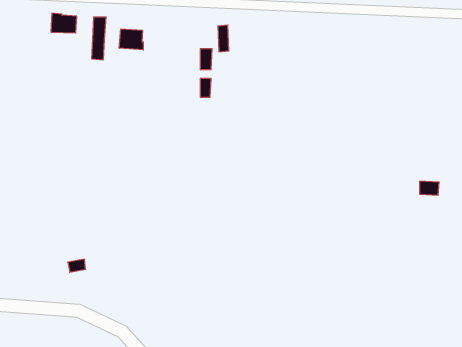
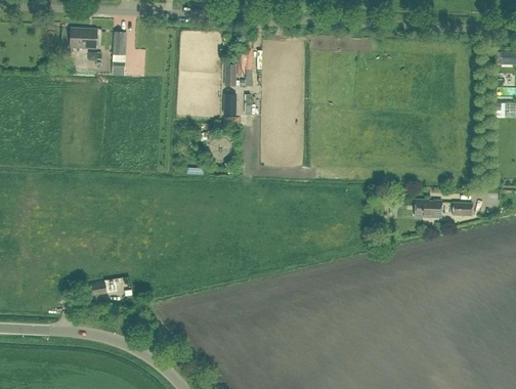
building: [119,29,143,50] -> none
building: none -> [415,200,442,217]

